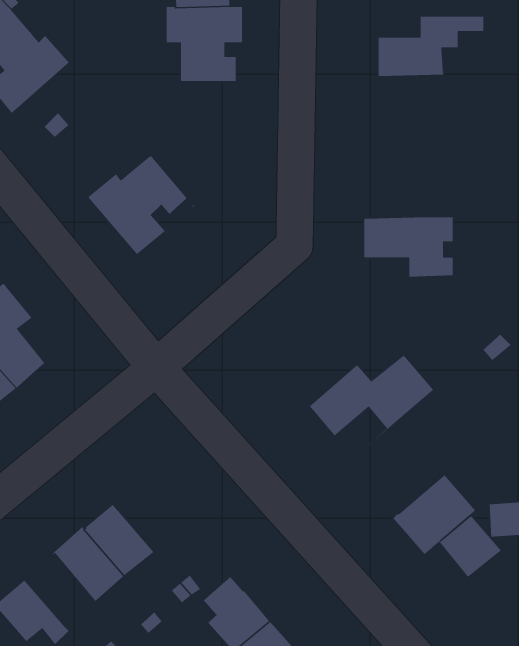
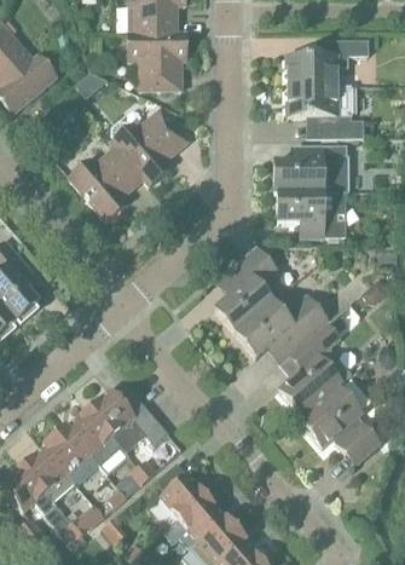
building: none -> [289,85,366,138]
building: none -> [112,109,189,184]
building: none -> [276,144,348,194]
building: none -> [216,246,280,334]
building: none -> [280,322,343,415]
building: none -> [89,388,170,450]
building: none -> [23,445,76,501]

